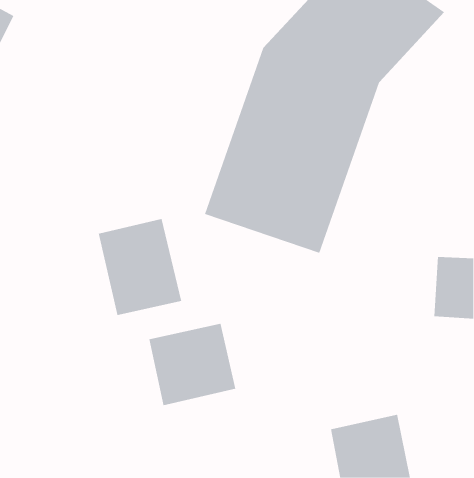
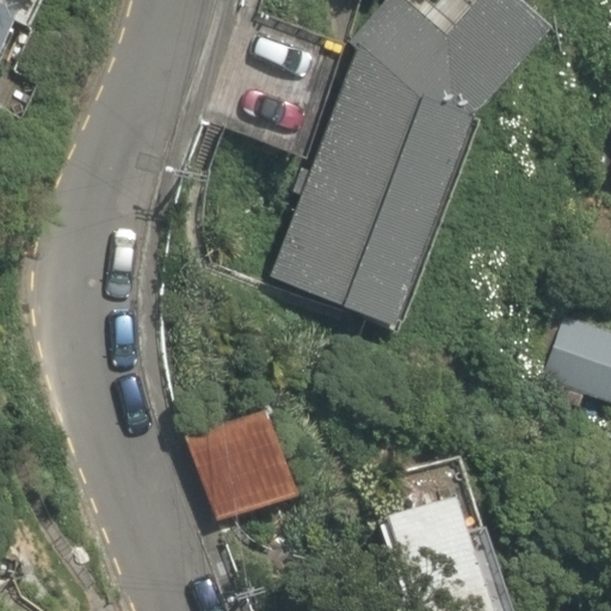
building: [98,218,182,316] -> none

